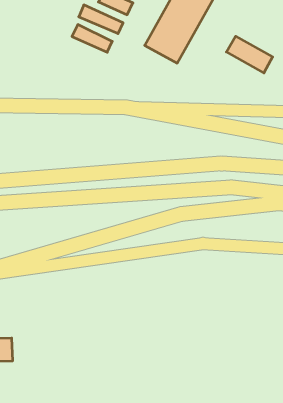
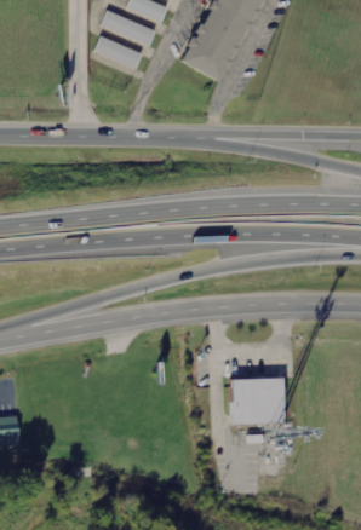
building: [226,36,273,73] -> none
building: none -> [233,379,286,425]

